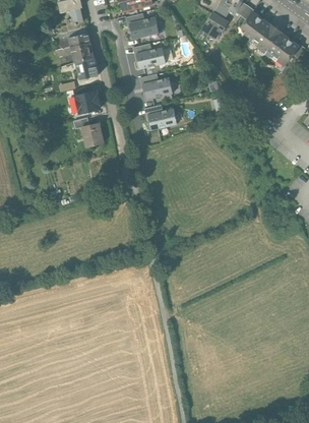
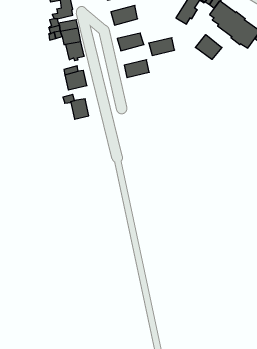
building: none -> [195,35,222,59]
building: [147,108,177,128] -> [149,38,175,55]

